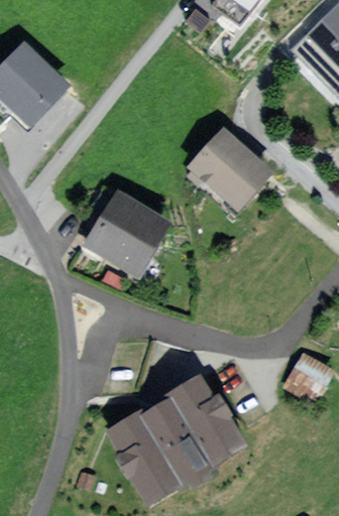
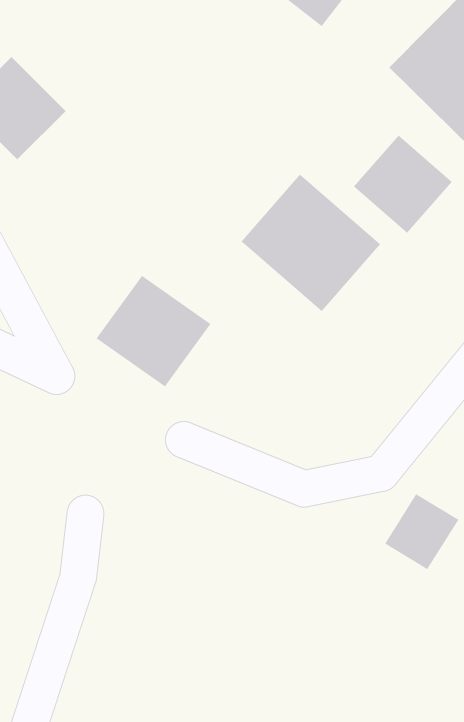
building: none -> [353,135,453,234]
building: [113,374,243,496] -> none

